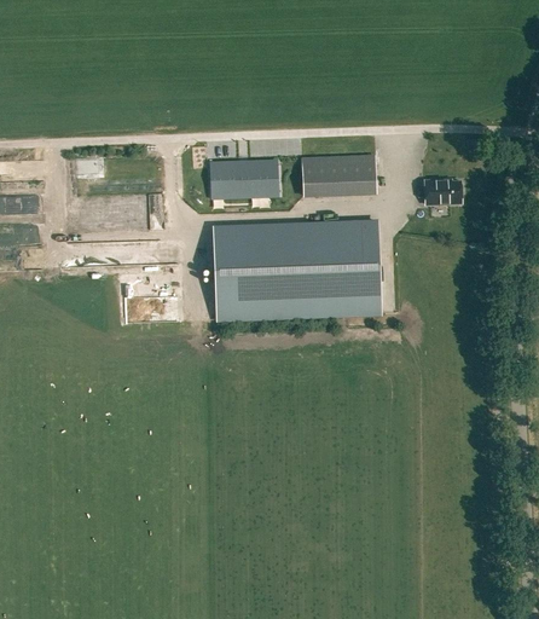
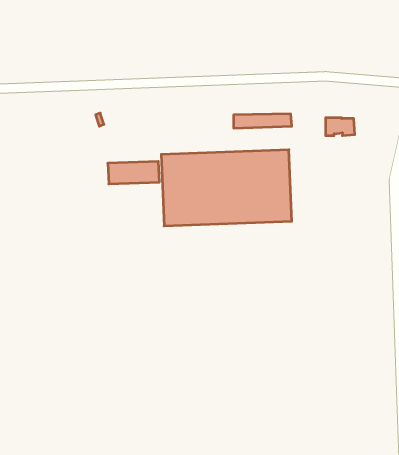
building: [306,150,378,178] -> none
building: [203,166,270,195] -> [108,161,159,184]

